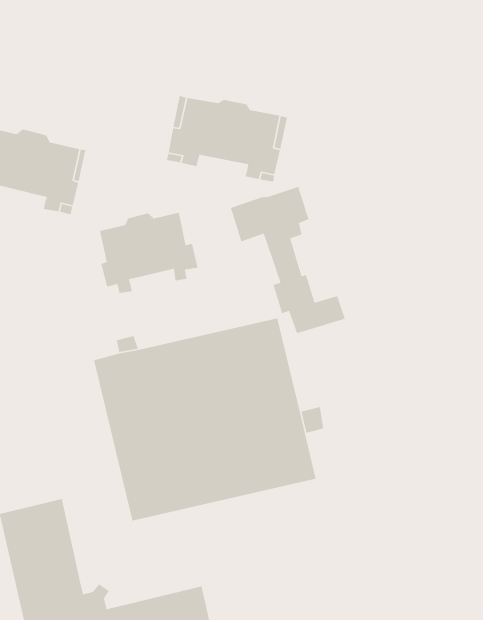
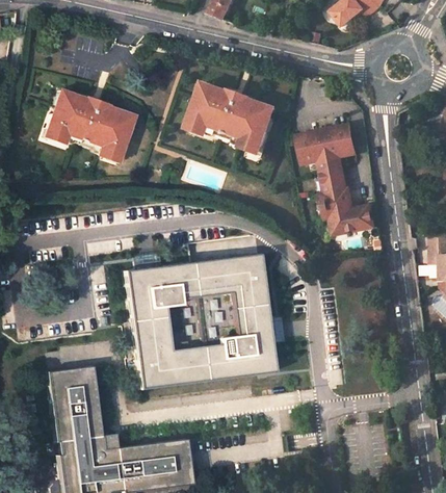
building: [230,186,346,334] -> [299,125,374,231]
building: [99,212,198,294] -> none

